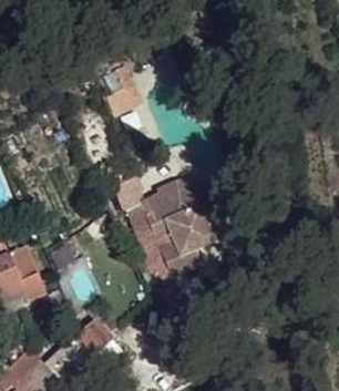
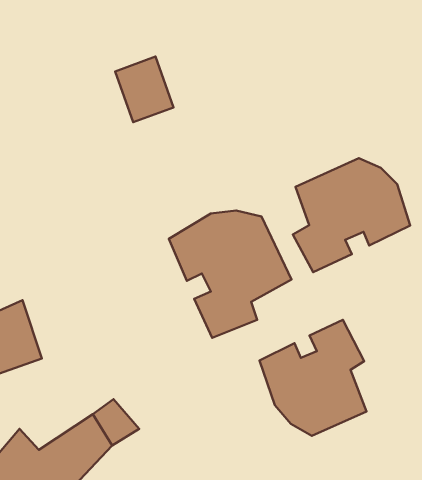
building: none -> [293,158,410,272]
building: none -> [259,320,366,436]

